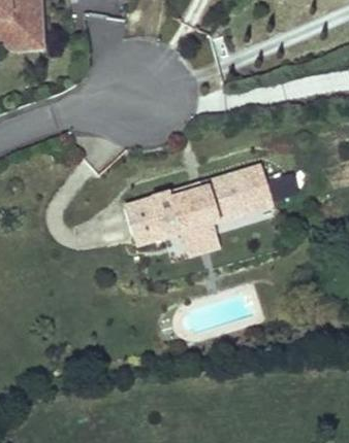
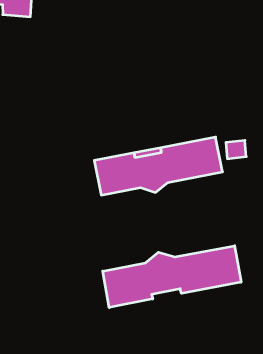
building: none -> [103,246,241,308]

